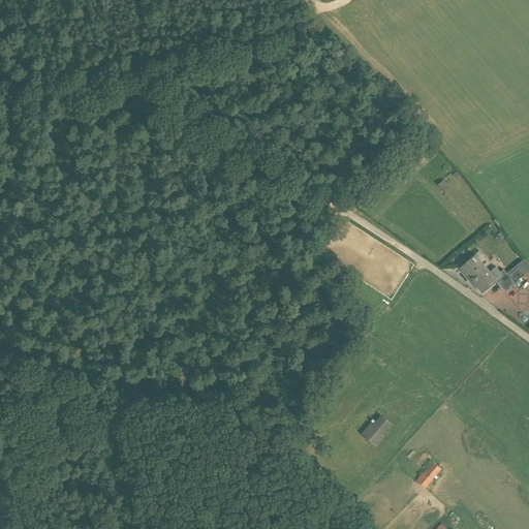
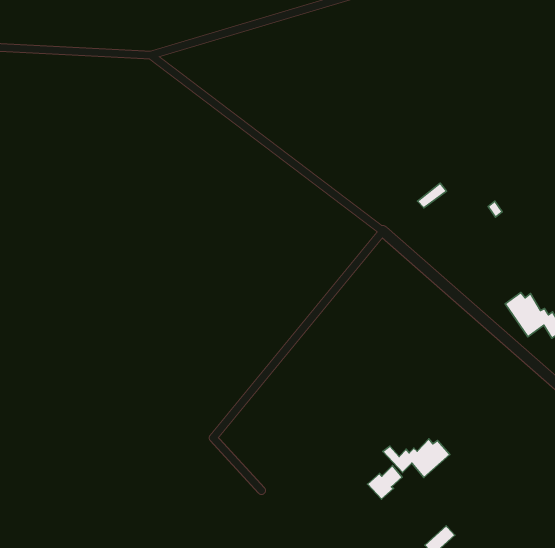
building: none -> [383,439,450,477]

